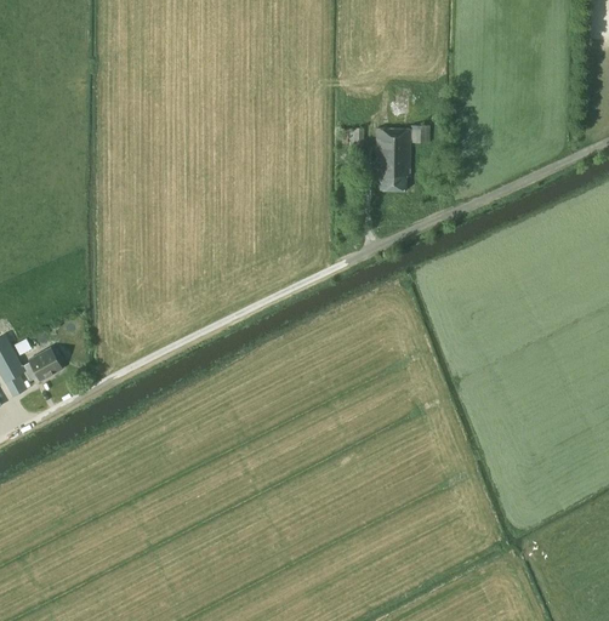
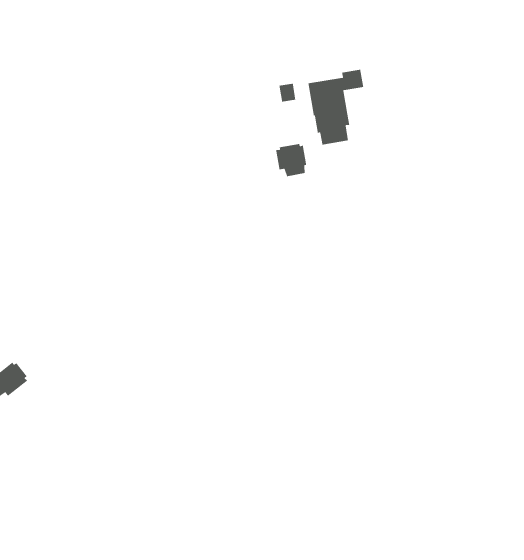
building: none -> [275,143,307,177]

